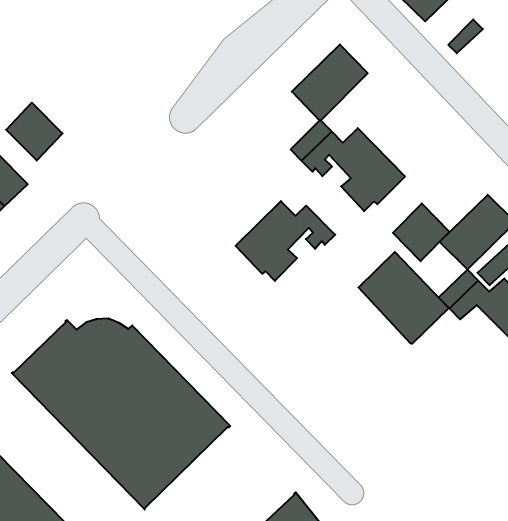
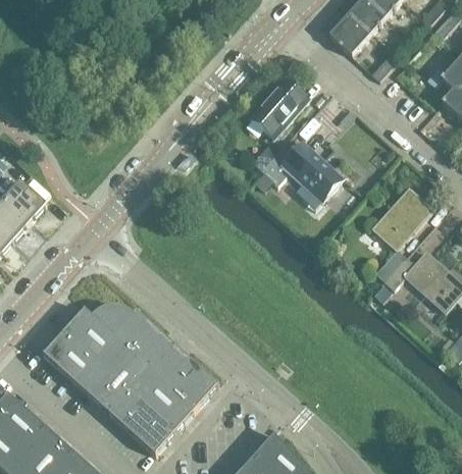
building: [6,103,63,161] -> none
building: [236,201,335,281] -> none
building: [393,203,449,261] -> none
building: [358,252,449,344] -> none

